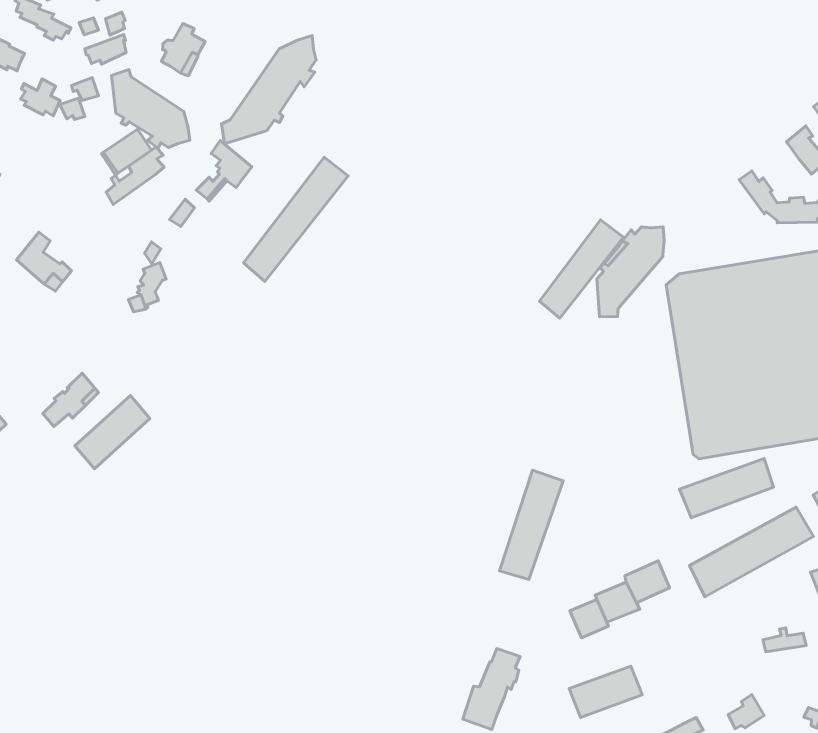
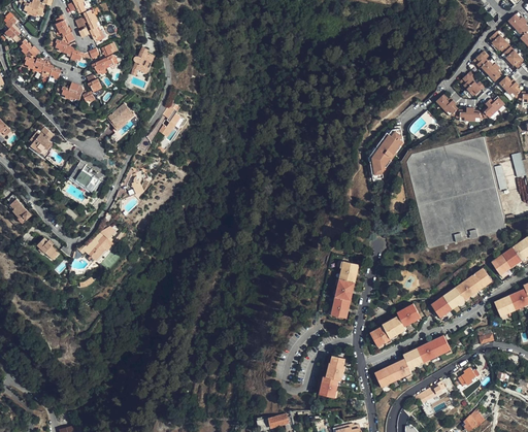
building: [222,35,316,144] -> none
building: [111,69,190,148] -> none
building: [244,157,348,281] -> none
building: [540,220,623,318] -> none
building: [75,396,150,469] -> none
building: [680,459,773,518] -> [401,335,450,369]

